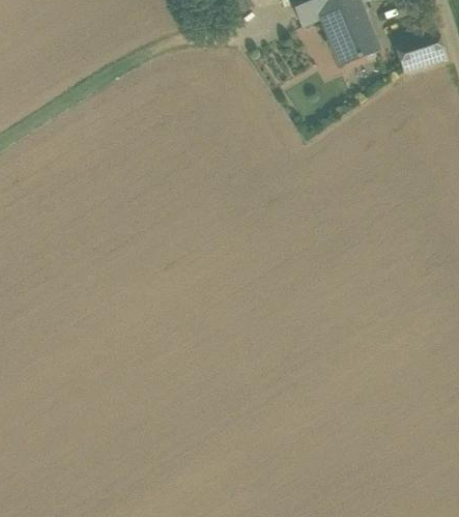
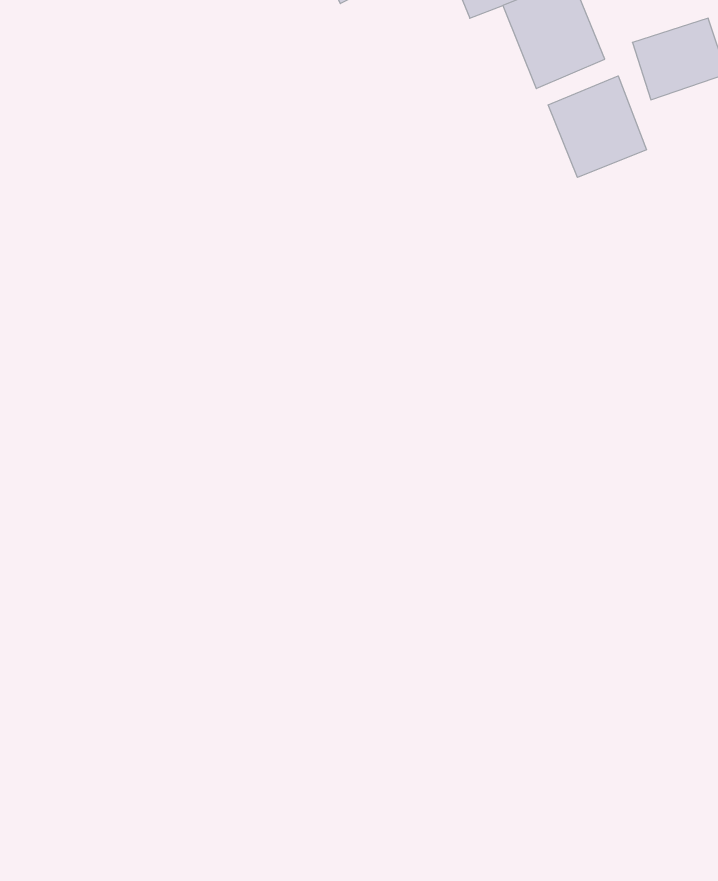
building: none -> [548,76,647,177]

